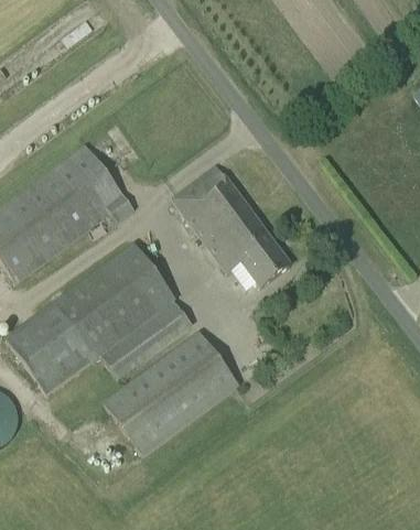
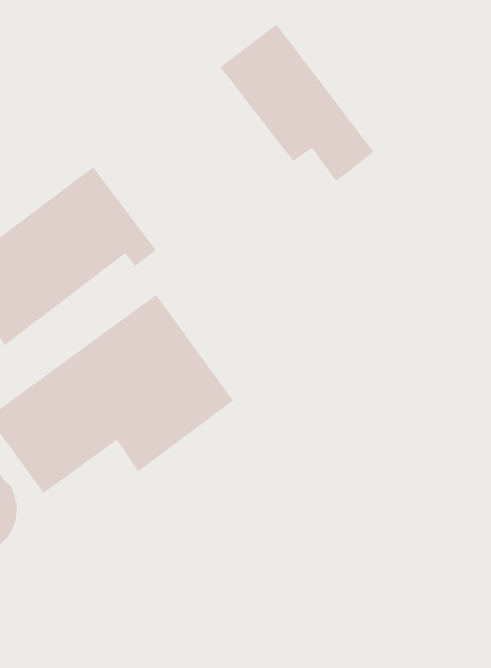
building: [171,164,290,285] -> [220,24,375,182]
building: [101,329,238,456] -> none

